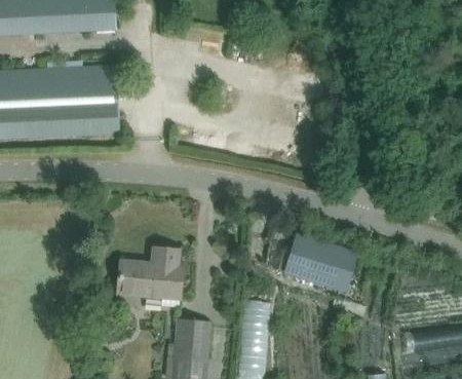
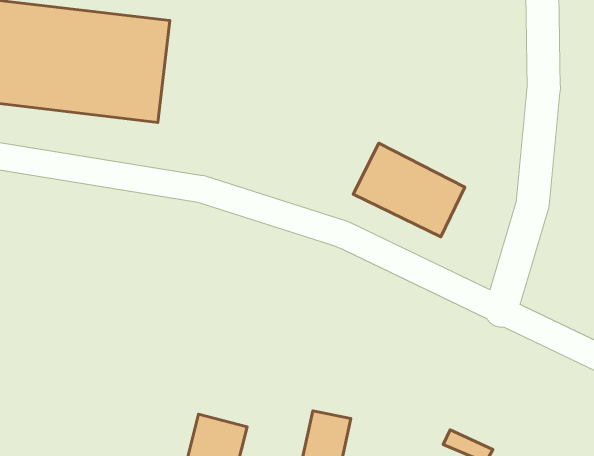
building: [283,236,355,291] -> [353,143,465,237]
building: [115,249,180,299] -> none

